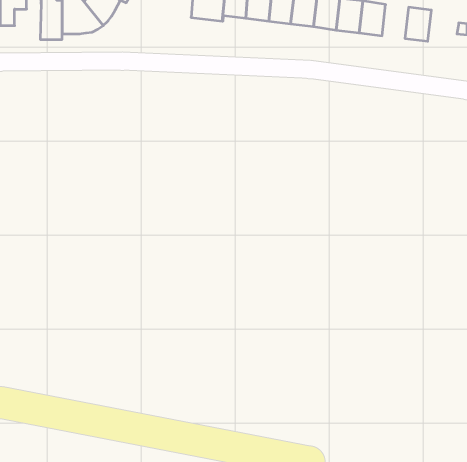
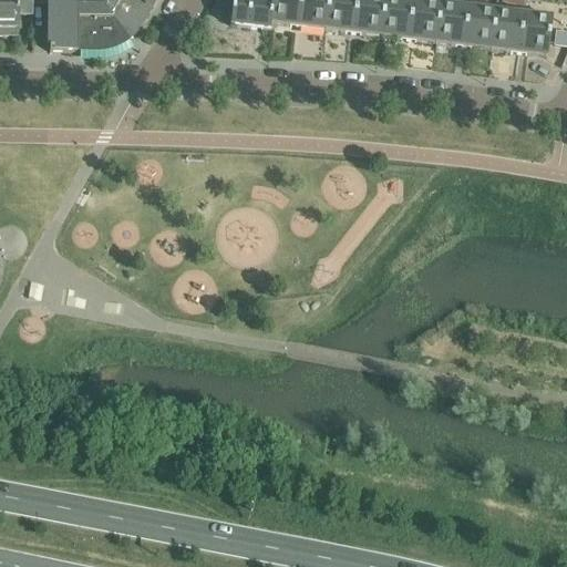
building: none -> [463,6,495,47]
building: none -> [518,12,551,53]

